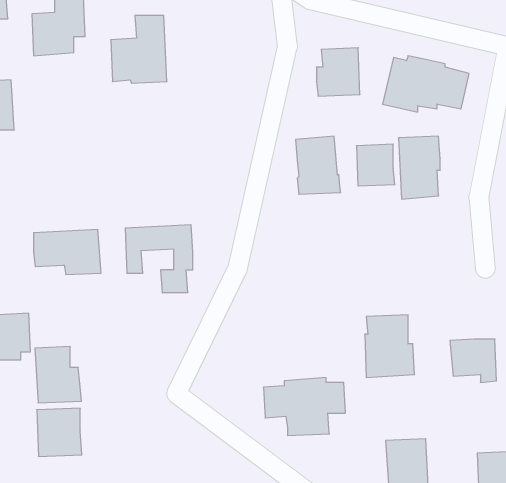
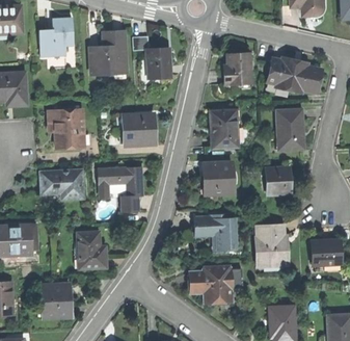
building: none -> [133,37,170,78]
building: none -> [47,108,83,149]
building: none -> [124,113,155,145]
building: [356,144,395,186] -> [264,167,289,194]
building: none -> [201,162,233,194]
building: none -> [193,213,234,250]
building: [35,347,81,403] -> [77,232,107,268]

